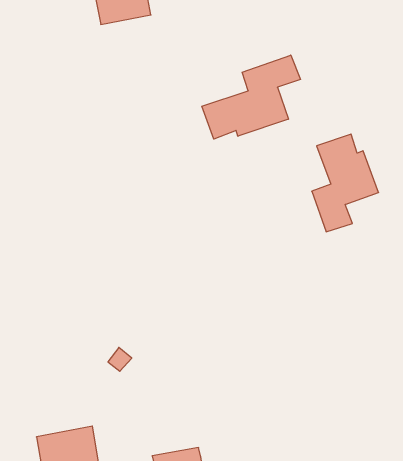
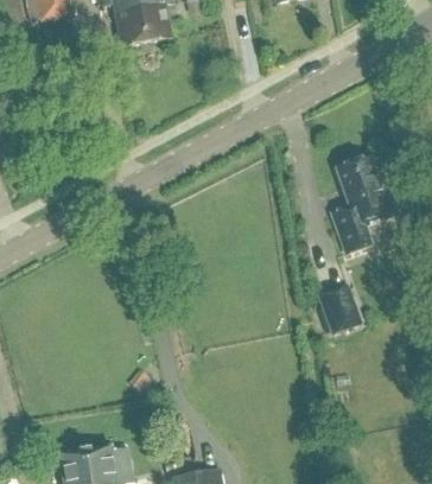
building: [202,55,301,139] -> none
building: none -> [319,285,361,332]

